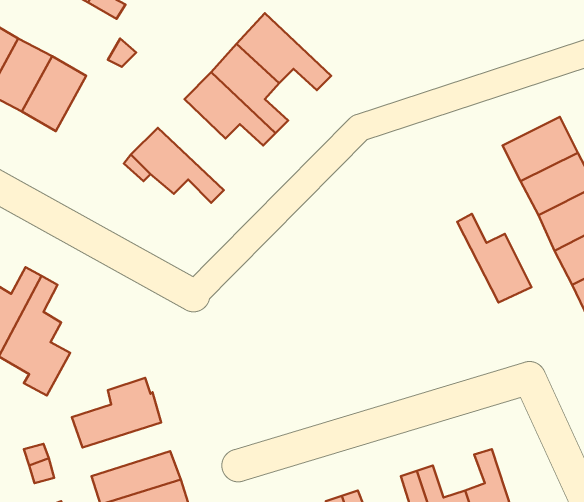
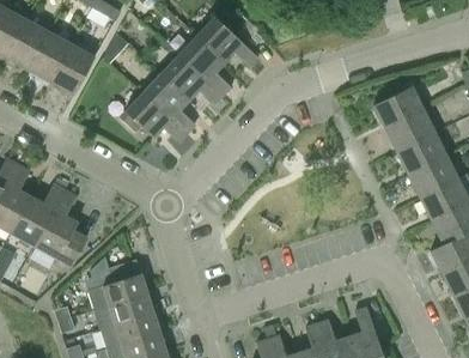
building: none -> [144,74,196,135]
building: [457,214,531,302] -> none
building: none -> [93,291,152,327]

